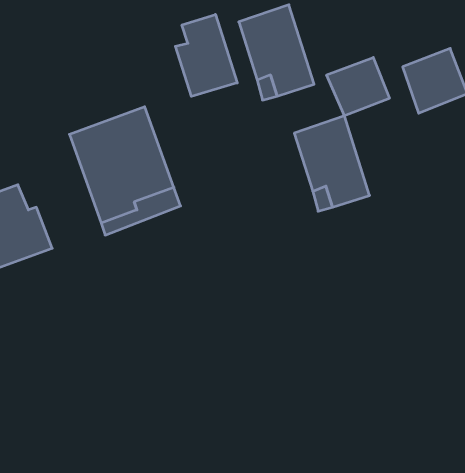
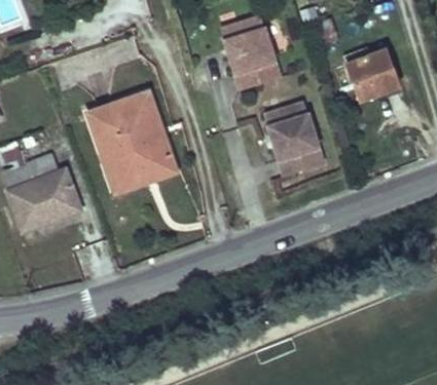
building: [175,14,237,96] -> none
building: [327,57,389,116] -> none

